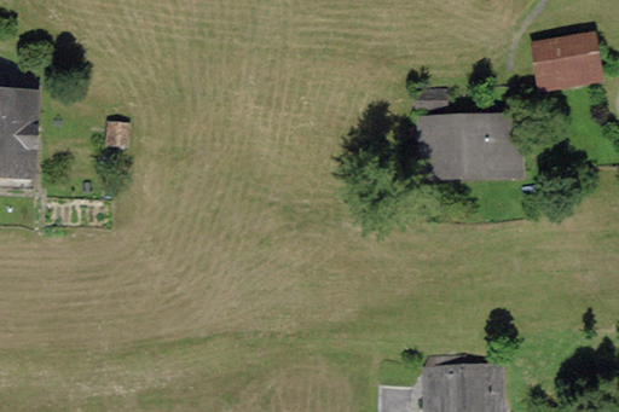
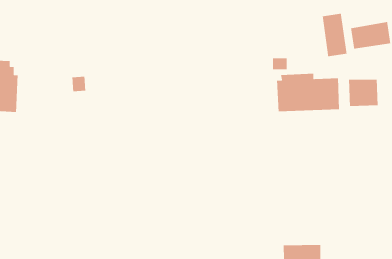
building: none -> [322,13,348,57]
building: none -> [348,79,379,107]

